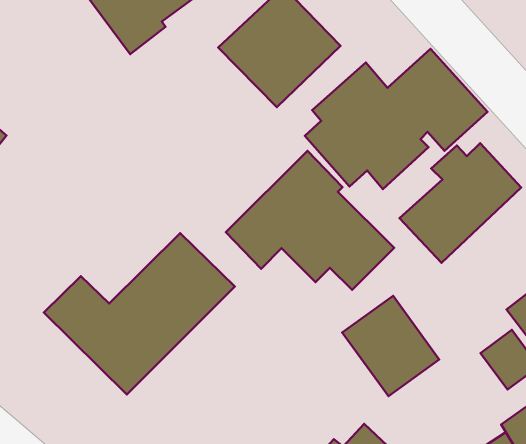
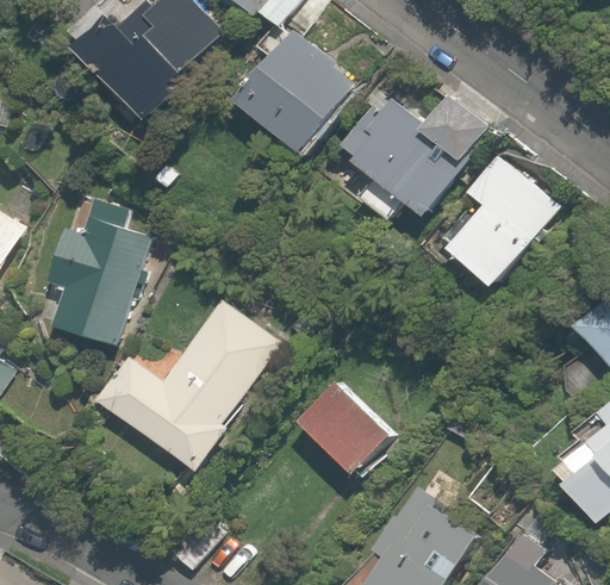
building: none -> [48,198,151,349]
building: [226,151,394,290] -> none
building: [342,296,439,396] -> [294,374,398,478]

